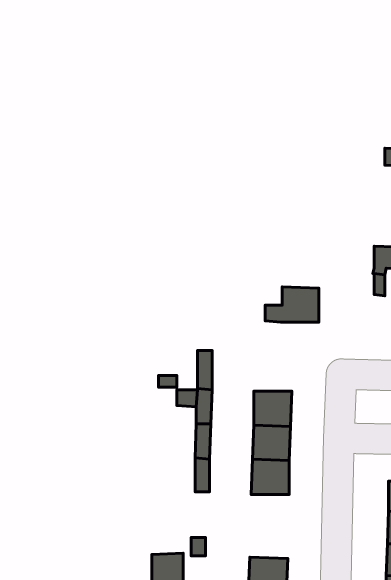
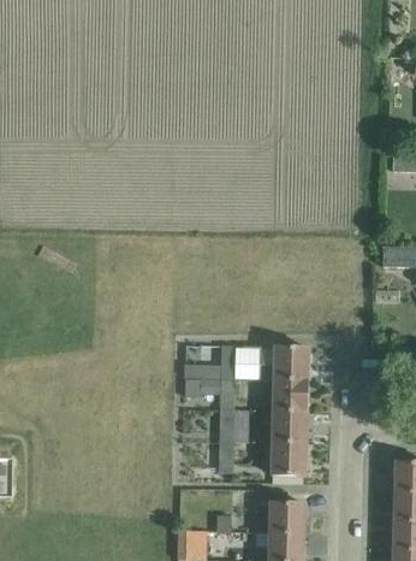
building: [265,287,319,322] -> [258,347,308,379]
building: none -> [269,502,304,533]

